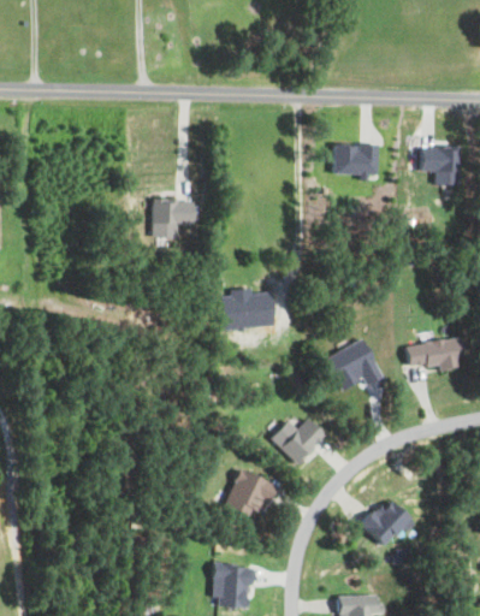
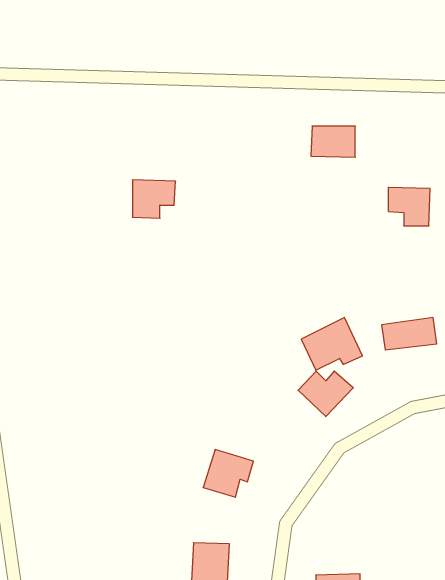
building: [419,146,461,184] -> [388,187,430,226]
building: [223,292,274,328] -> none
building: [271,419,326,464] -> [298,371,353,417]
building: [361,497,411,549] -> none

